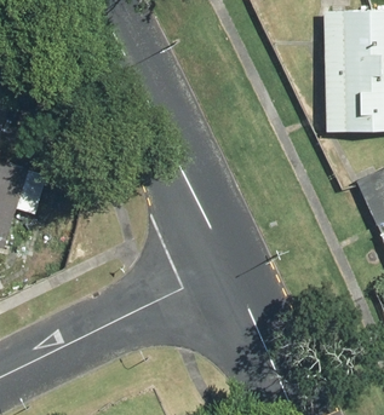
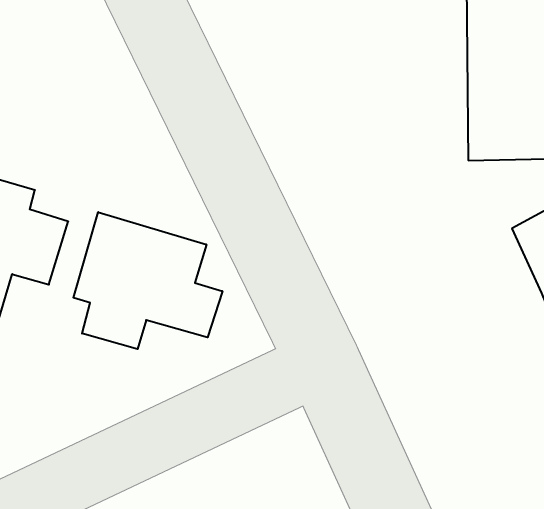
building: none -> [73,212,222,349]

